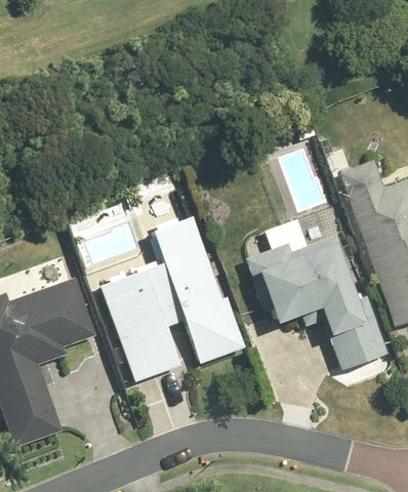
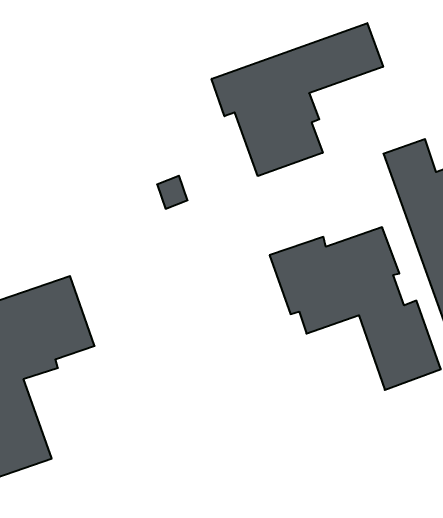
building: none -> [212,23,383,176]
building: [98,215,242,381] -> none

